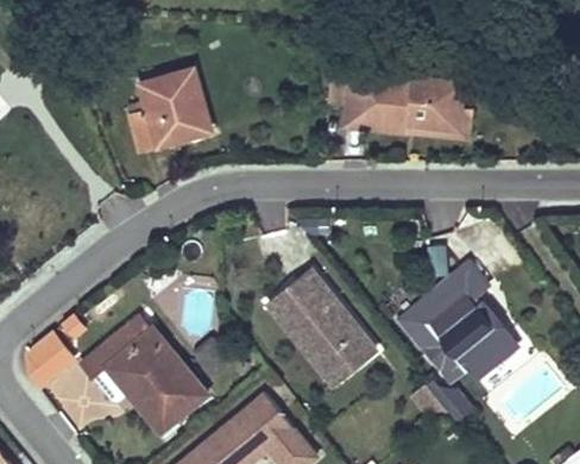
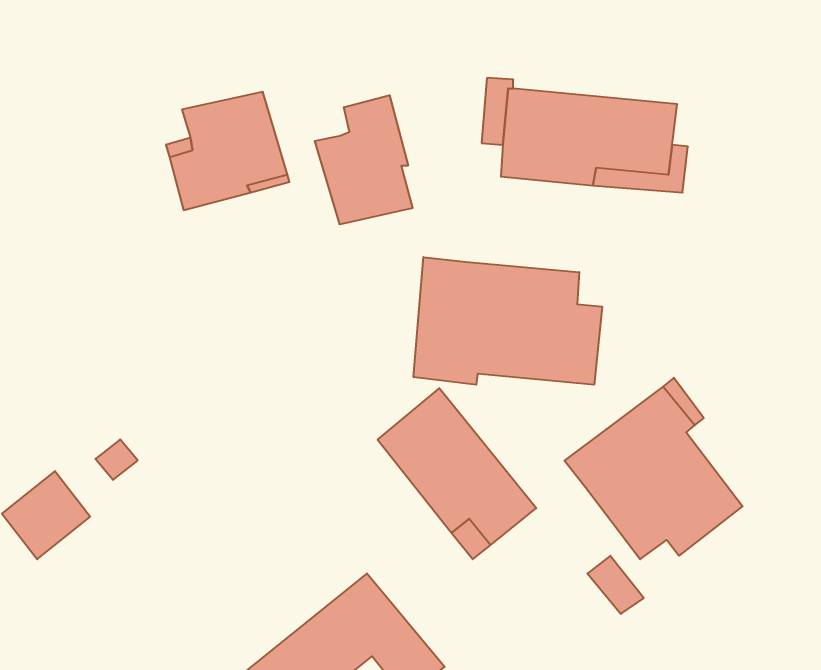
building: none -> [315,95,412,224]
building: none -> [414,257,602,385]
building: [81,316,204,432] -> none

